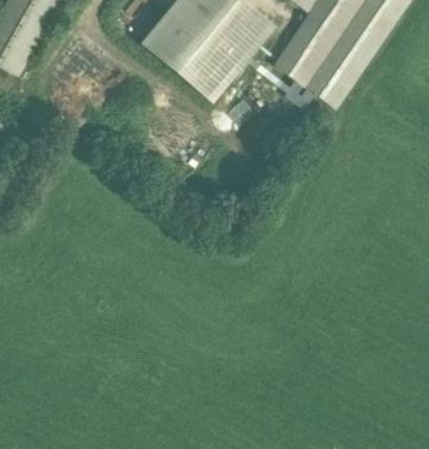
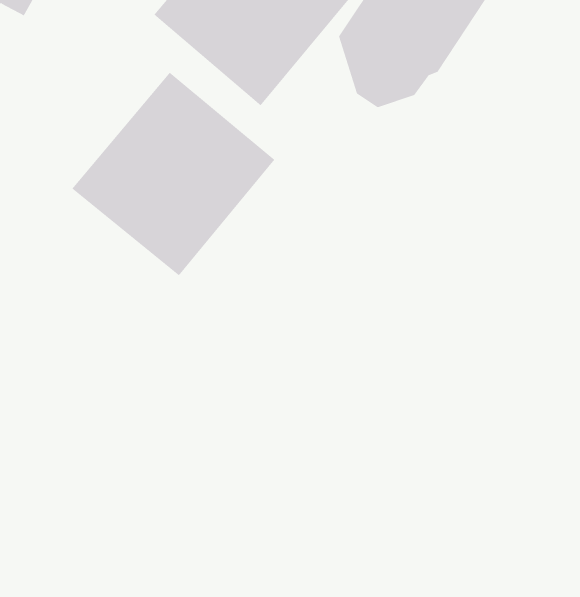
building: none -> [72,72,275,276]

